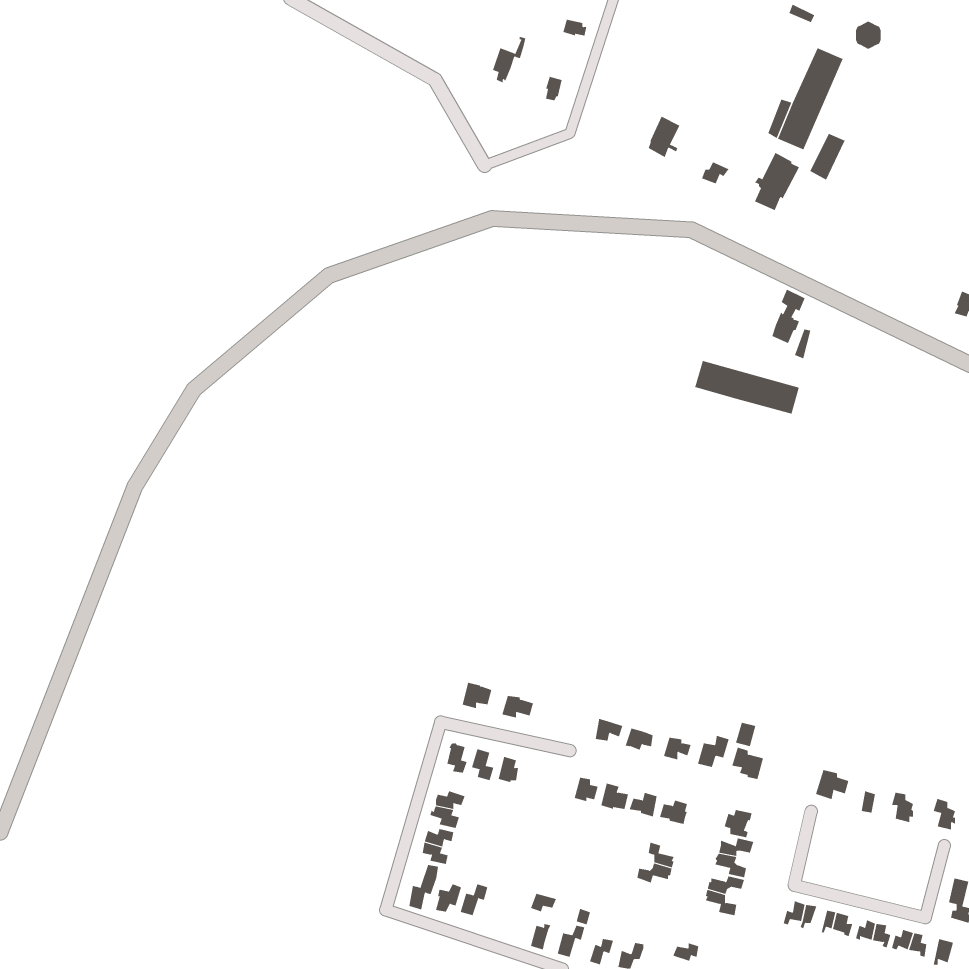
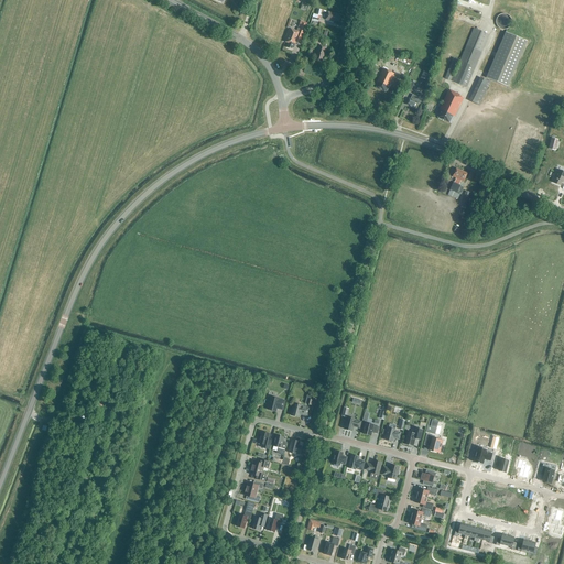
building: none -> [487,31,528,86]
building: [695,360,800,414] -> none

